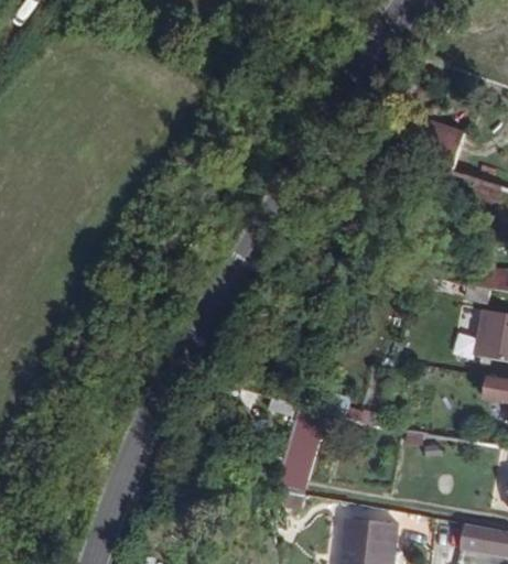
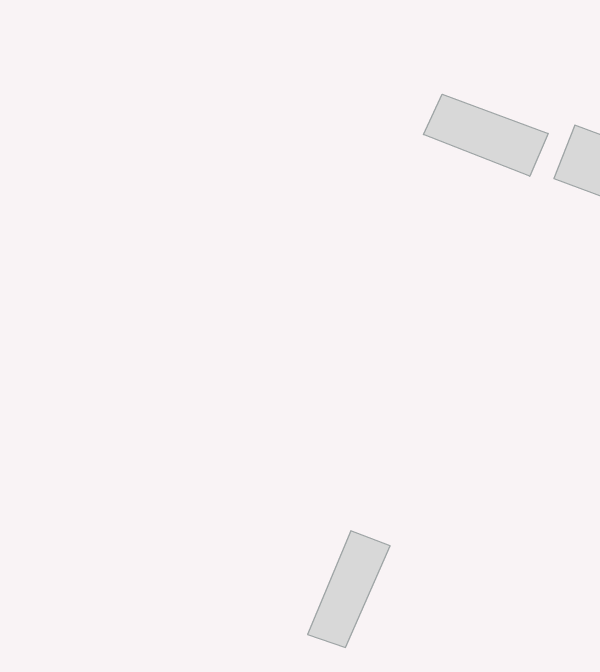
building: none -> [424,94,548,176]

